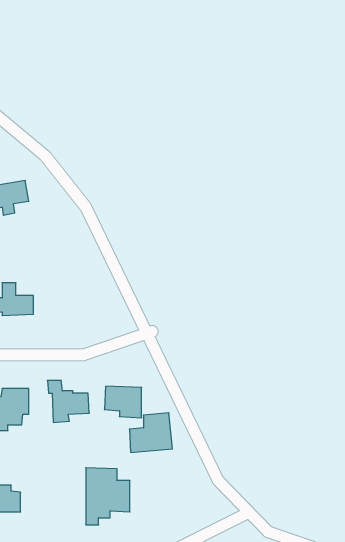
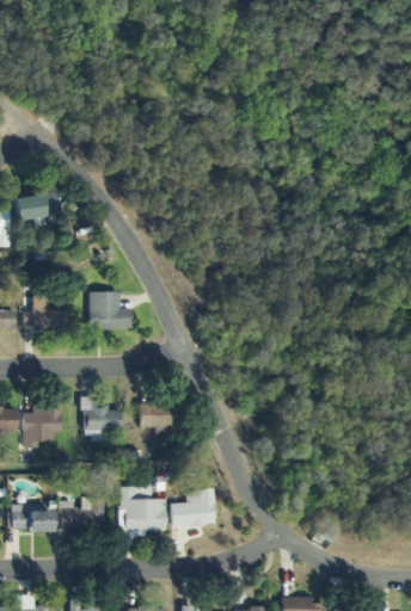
building: none -> [88,292,130,329]
building: [129,413,172,452] -> [171,488,215,529]
building: none -> [57,498,104,531]

